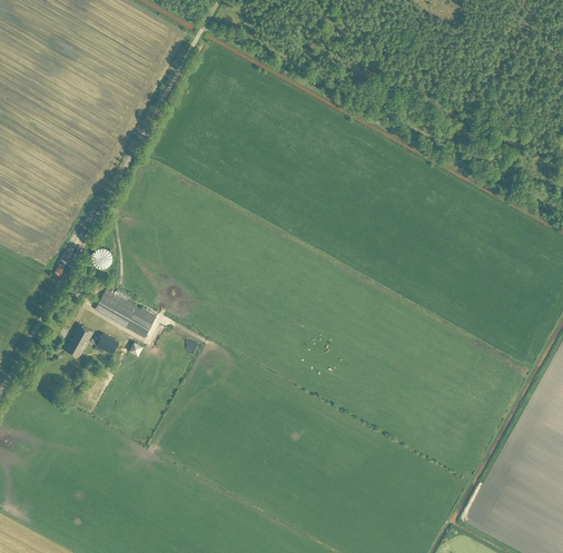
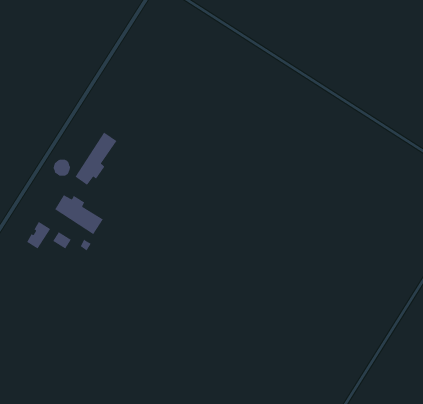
building: none -> [74,132,118,186]

